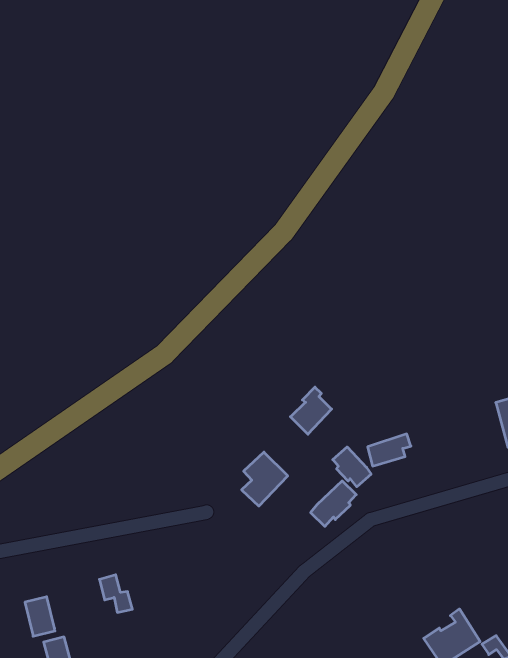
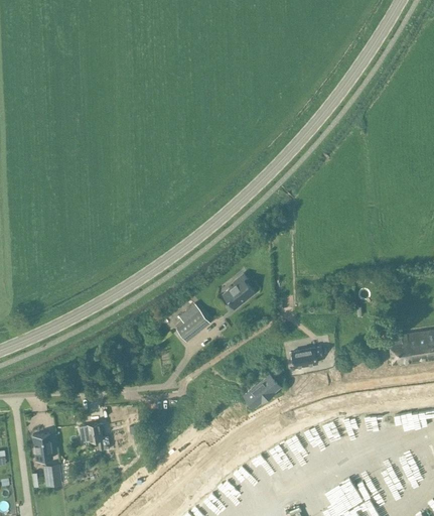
building: [290,387,332,434] -> [224,274,254,307]
building: [333,447,371,487] -> none
building: [242,452,288,506] -> [175,302,209,341]

